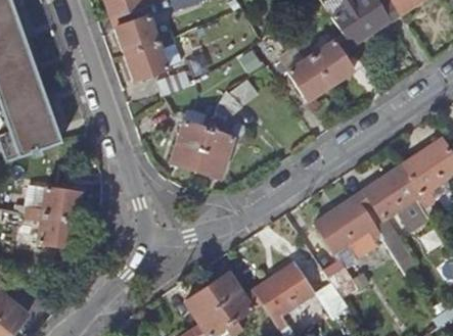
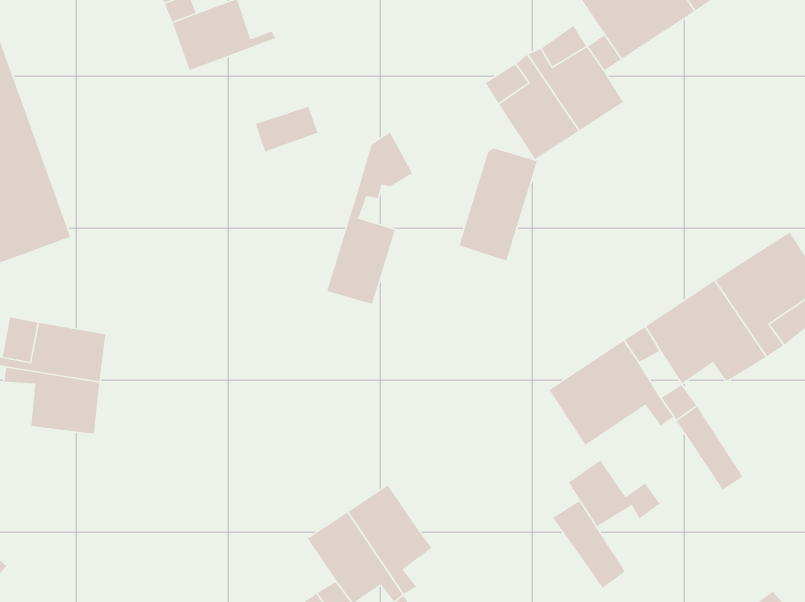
building: [124,37,179,81] -> none
building: [171,110,213,171] -> [459,147,538,261]
building: [254,262,312,329] -> none

